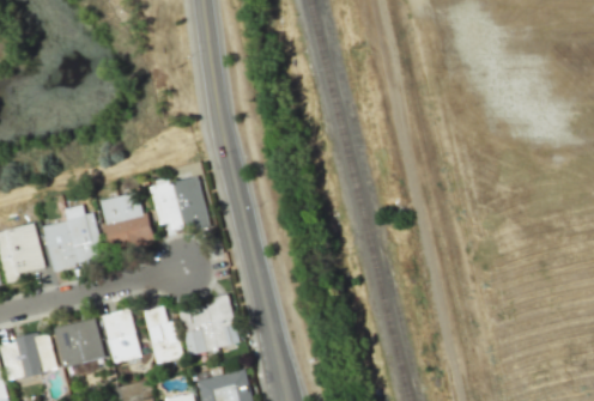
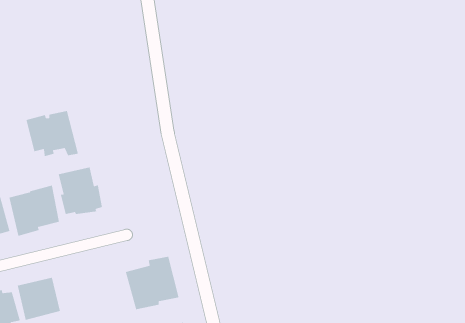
building: [150,177,211,231] -> [25,110,79,157]
building: [143,305,183,364] -> none
building: [102,310,140,363] -> none

